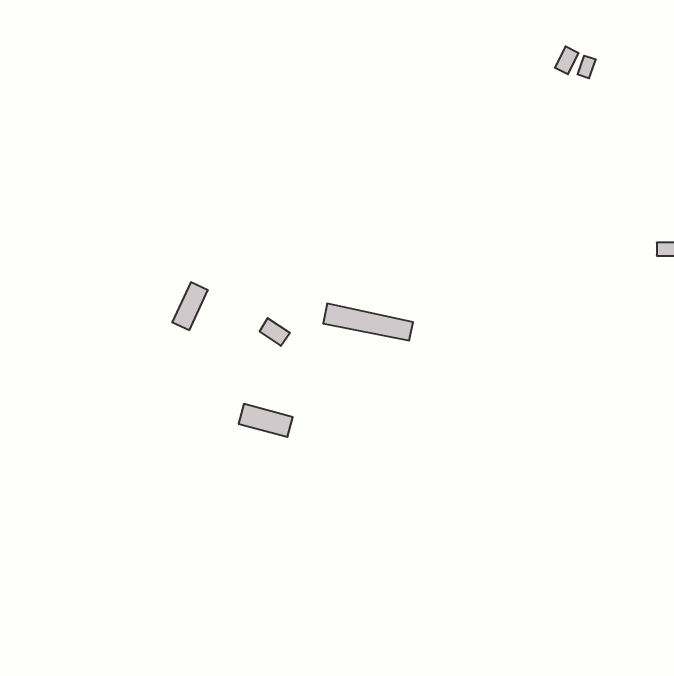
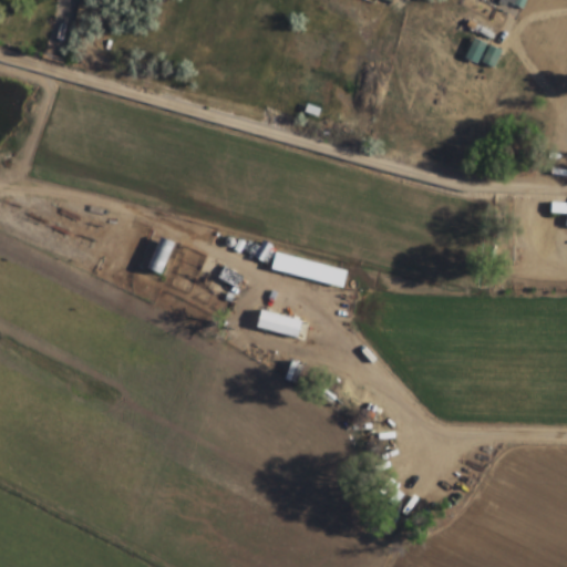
building: [239,404,293,437] -> [257,311,302,339]

